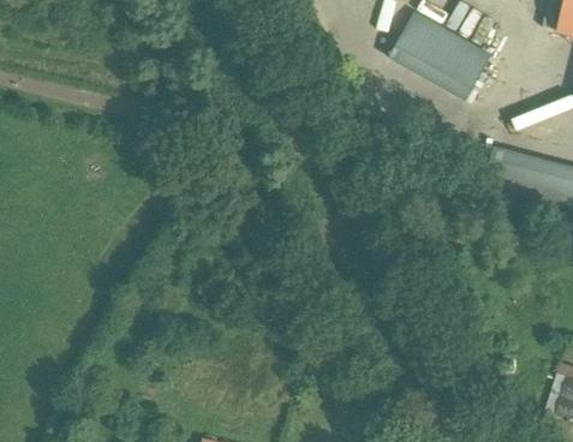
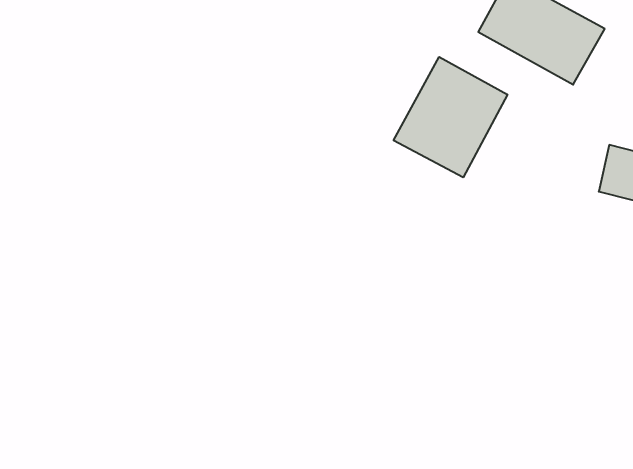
building: none -> [394,57,507,177]

